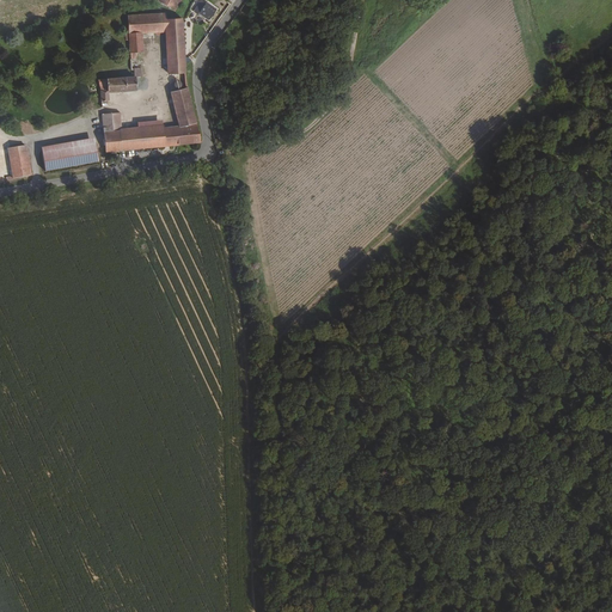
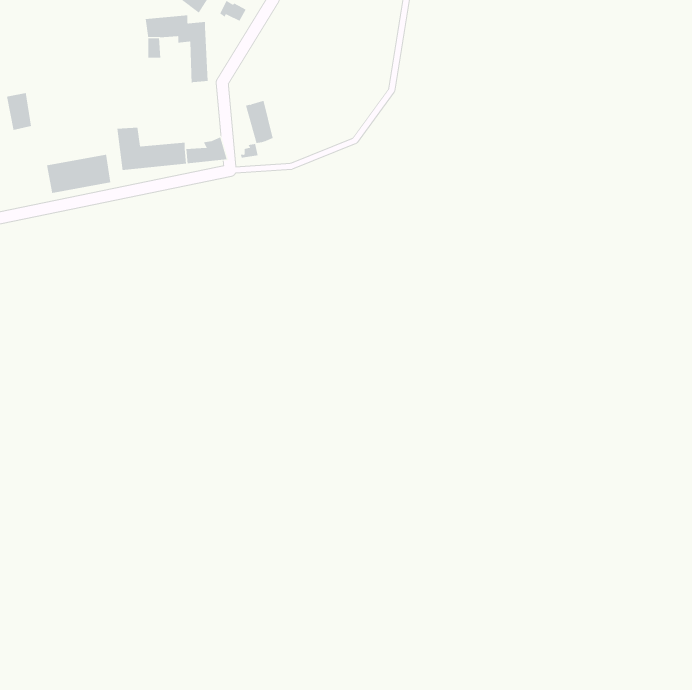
building: [100,76,136,100] -> none
building: [170,87,195,126] -> [245,100,274,143]
building: [7,143,30,177] -> [6,92,32,130]

